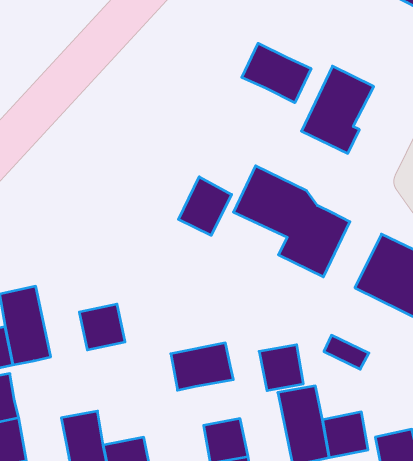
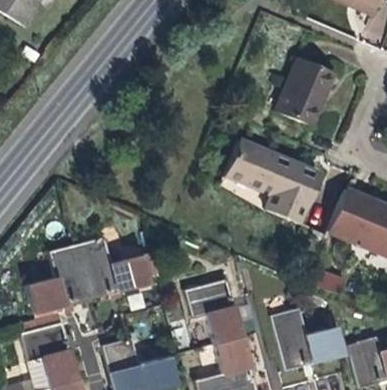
building: [242,43,311,103] -> none
building: [178,177,232,235] -> none
building: none -> [77,237,120,298]
building: [259,345,303,391] -> [207,307,243,344]

